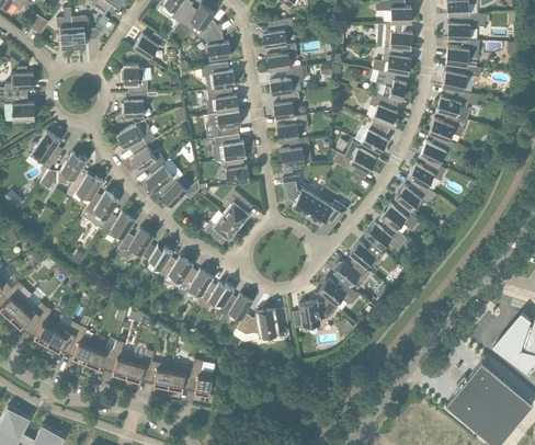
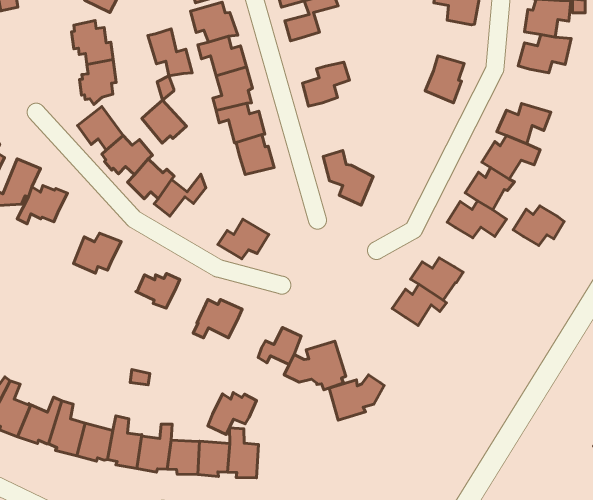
building: none -> [148,29,192,76]
building: [273,91,299,119] -> none
building: [368,93,399,128] -> none
building: none -> [142,100,187,143]
building: [419,137,455,166] -> none
building: [280,138,310,167] -> none
building: [332,148,376,173] -> none
building: [81,191,118,228] -> none
building: [223,192,250,228] -> none
building: [306,197,348,227] -> none
building: [115,228,153,261] -> none
building: [349,240,385,267] -> [513,206,564,245]
building: [159,255,193,283] -> none
building: [197,283,234,311] -> [208,392,256,434]
building: [298,298,337,327] -> [329,375,384,420]

